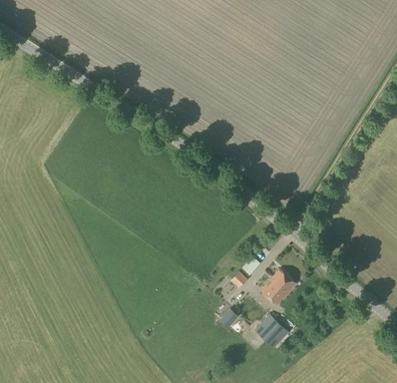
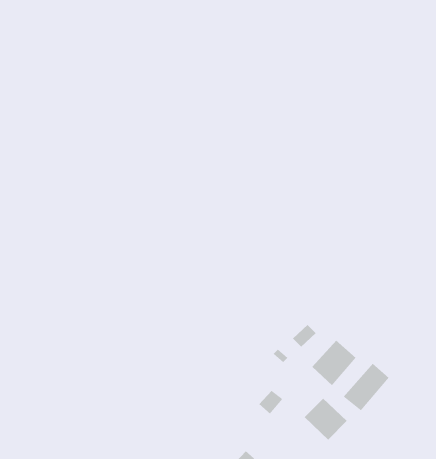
building: none -> [343,363,389,411]

